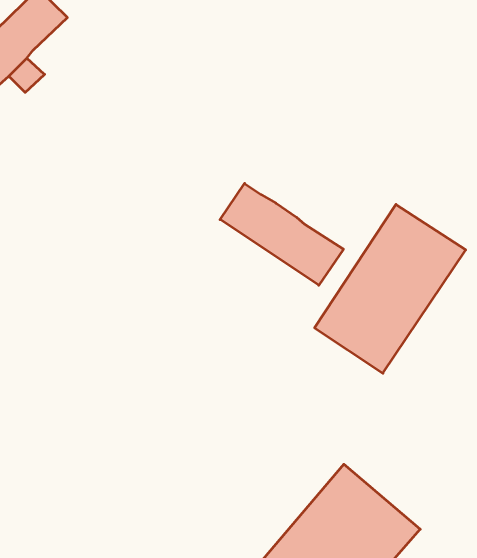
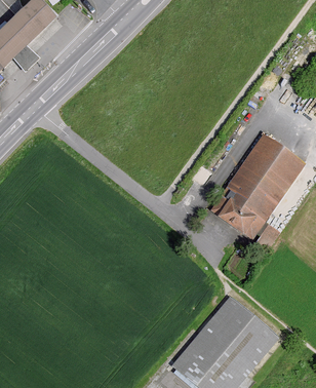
building: [220,183,343,285] -> none

